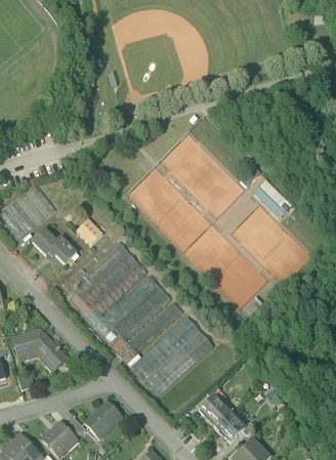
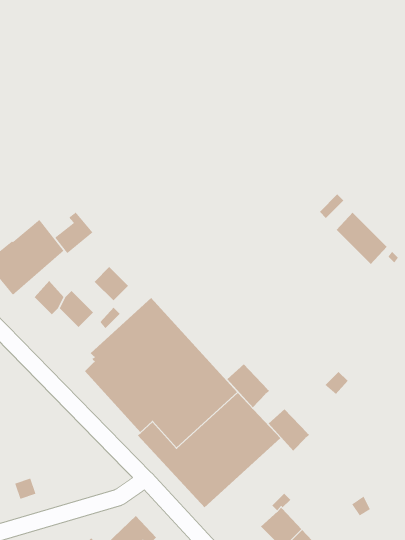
building: none -> [54,211,93,254]
building: none -> [227,364,270,408]
building: none -> [268,408,310,451]
building: [12,329,66,371] -> none

